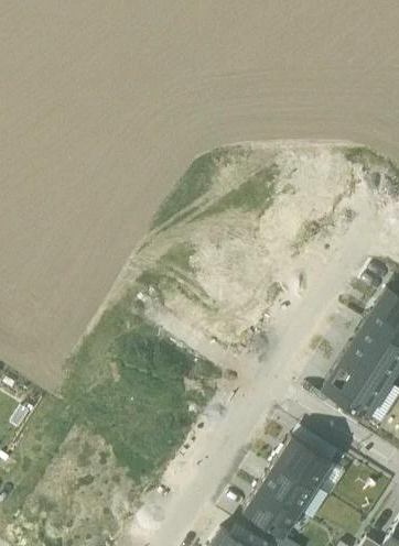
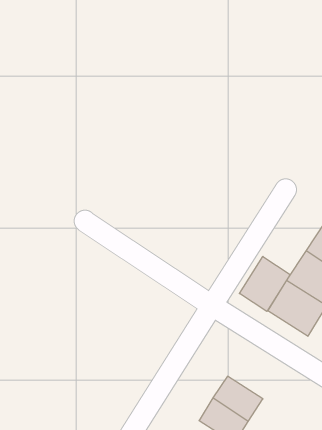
building: none -> [239,256,290,311]
building: [278,433,334,484] -> none

